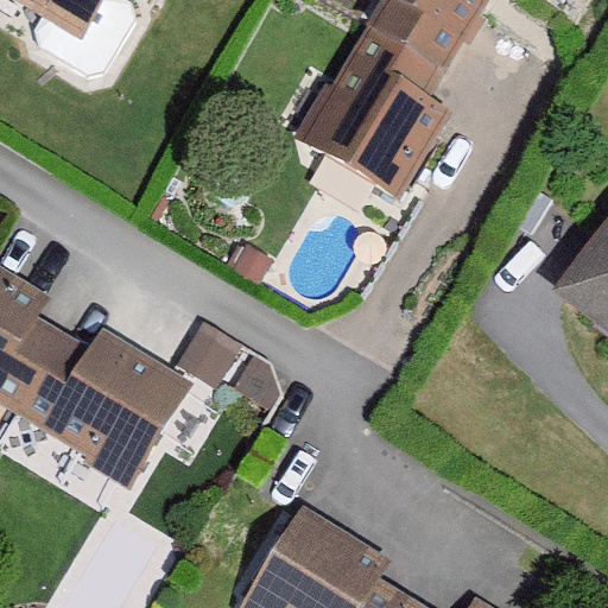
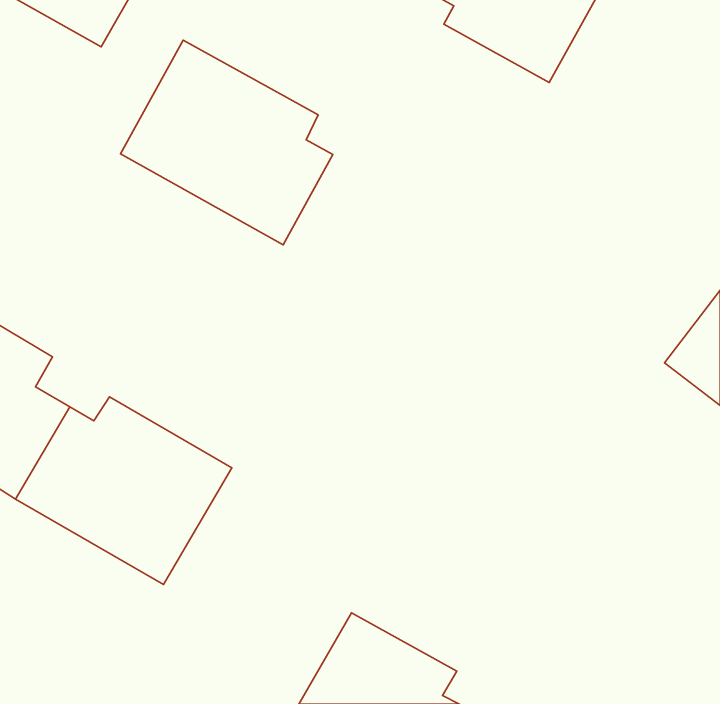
building: [299,20,458,203] -> none
building: none -> [121,40,333,245]

